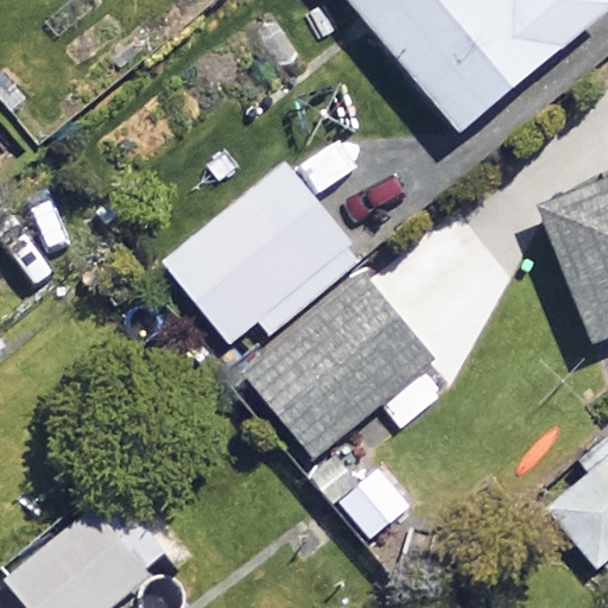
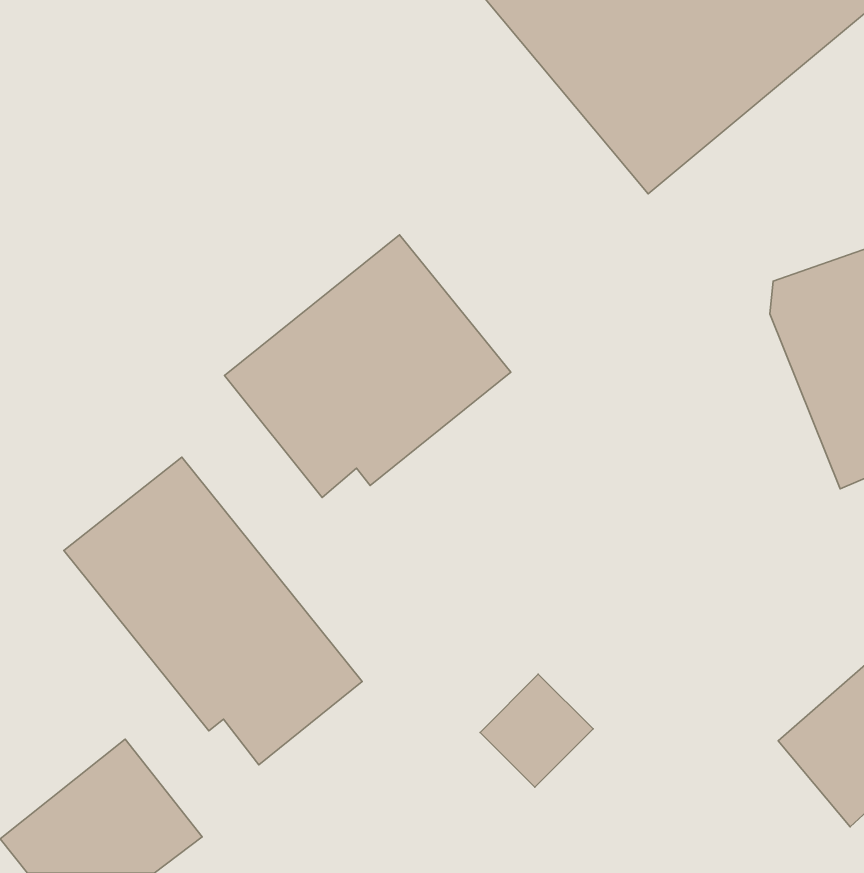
building: [243,274,433,458] -> none
building: none -> [64,457,362,765]

